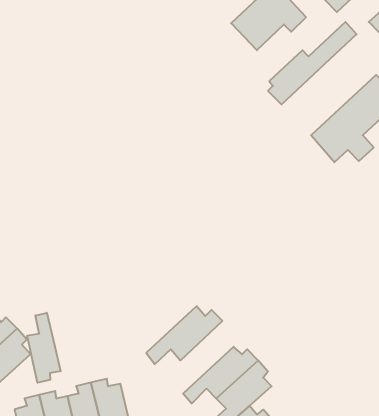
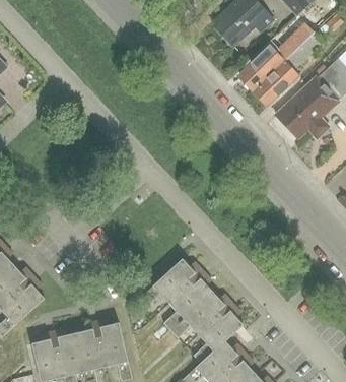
building: none -> [252,34,322,104]
building: [27,313,61,383] -> none
building: none -> [163,270,212,330]

